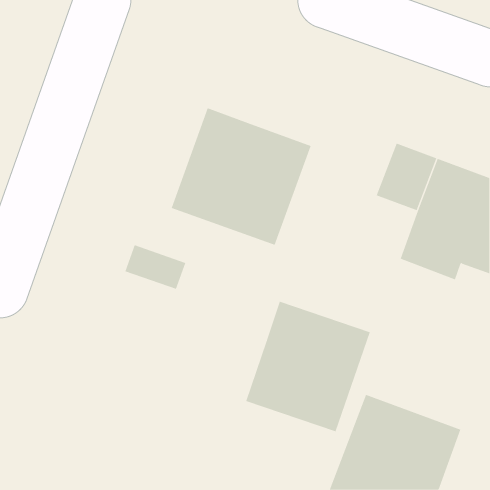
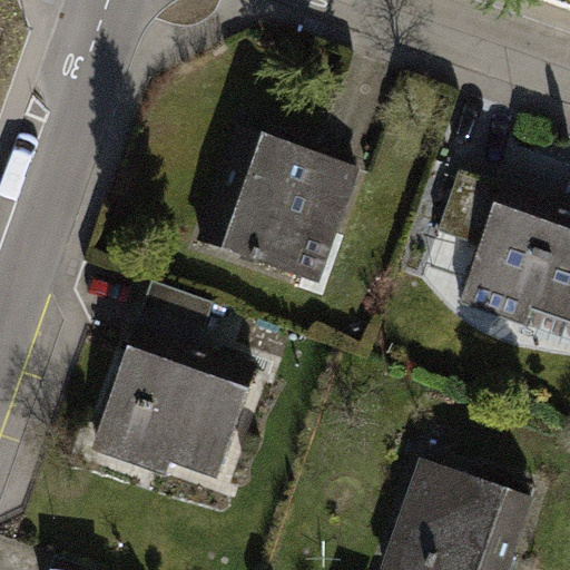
building: [246,301,371,432] -> none
building: none -> [94,351,248,483]

